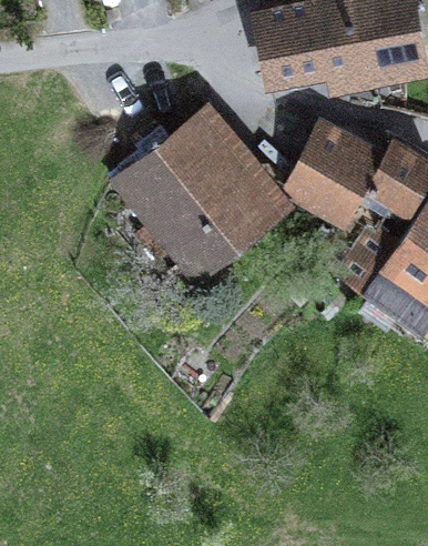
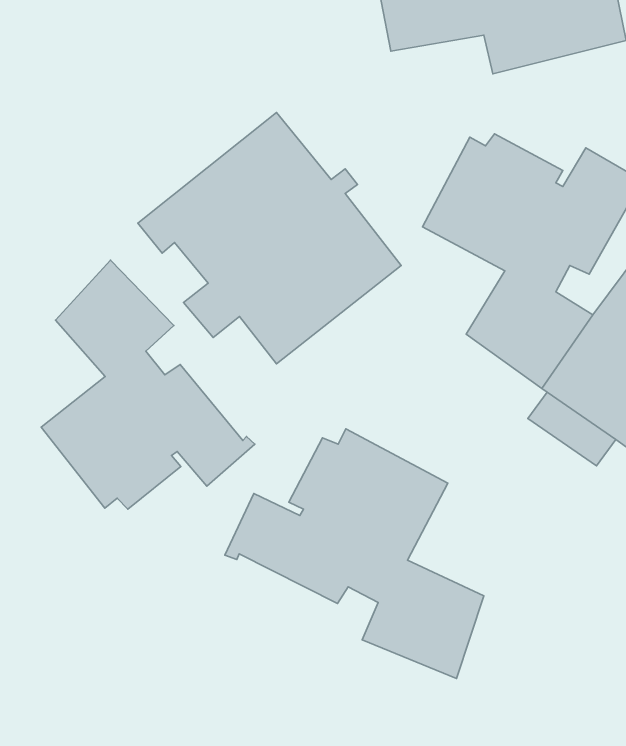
building: none -> [41,260,255,509]
building: none -> [225,429,484,679]

